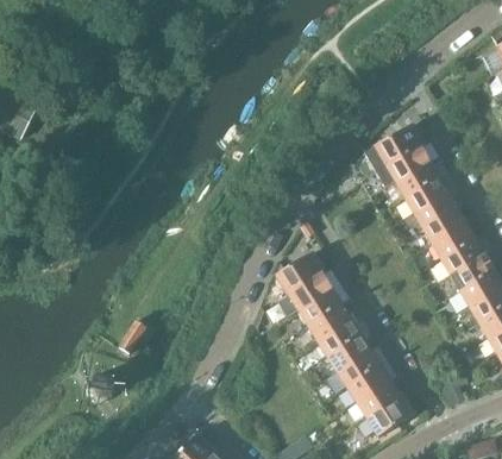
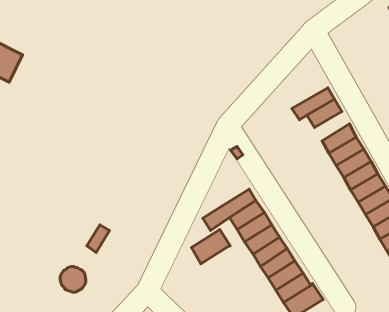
building: [364,124,423,172] -> none
building: [404,176,448,213] -> none
building: [276,252,325,295] -> [191,230,230,264]

